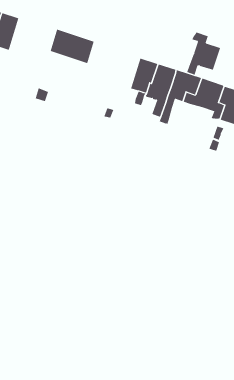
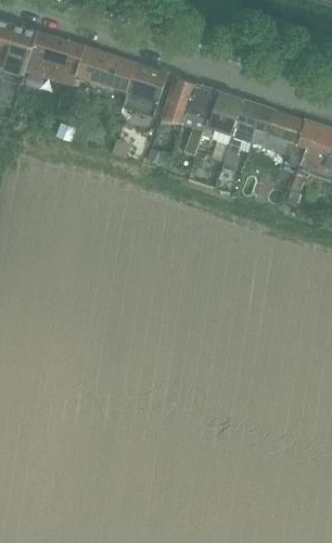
building: none -> [23,31,85,88]
building: [187,31,221,76] -> none
building: none -> [122,62,167,116]
building: none -> [162,76,194,122]

